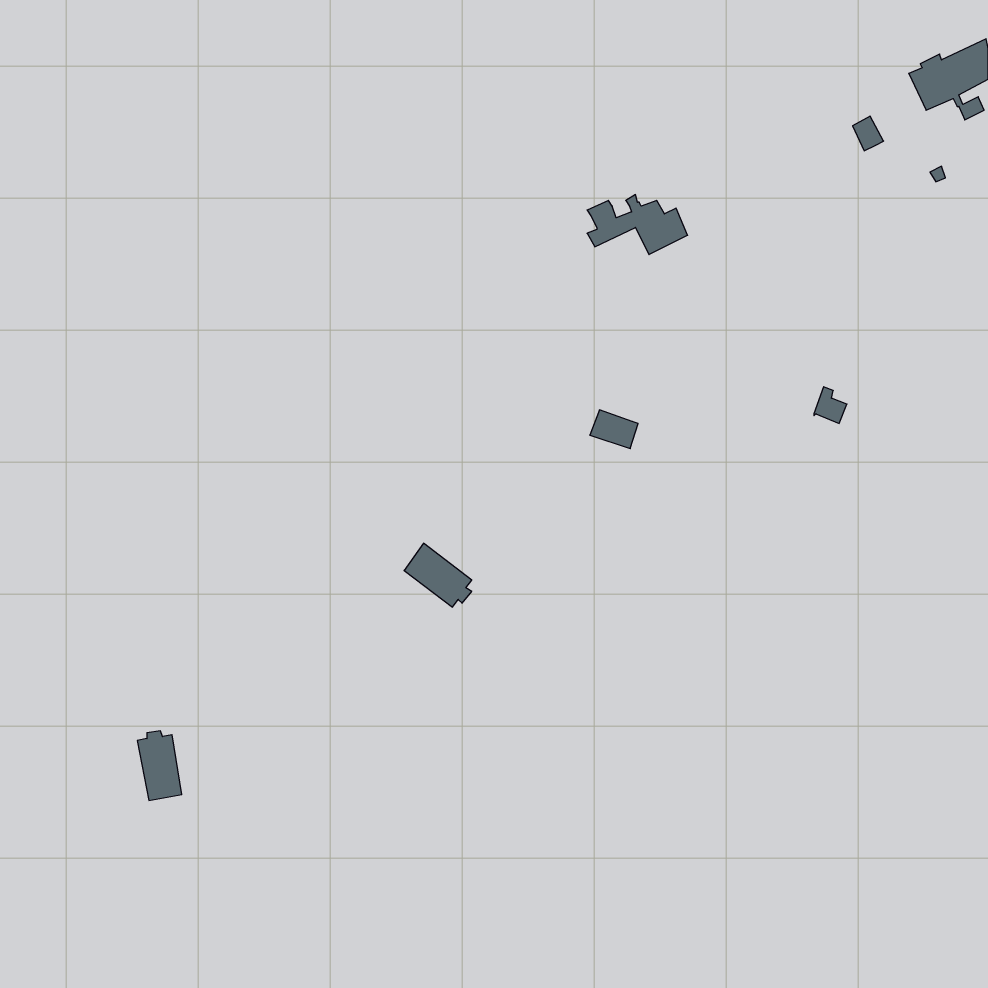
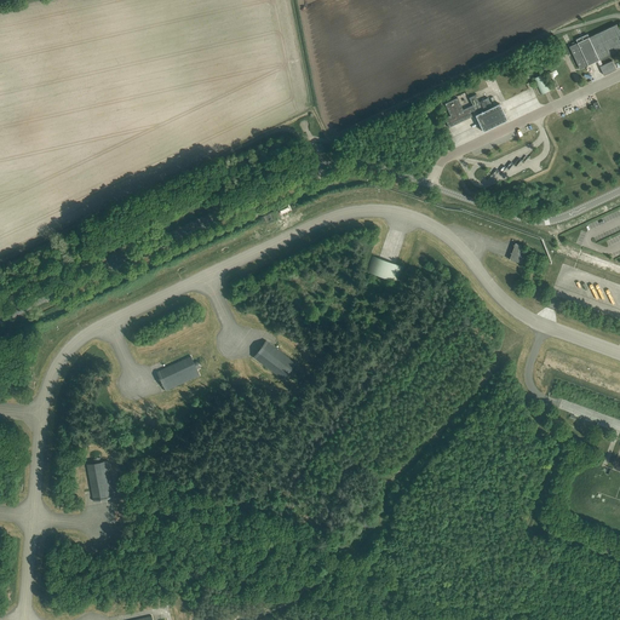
building: [587,195,688,255] -> [444,94,507,132]
building: none -> [156,356,201,391]

